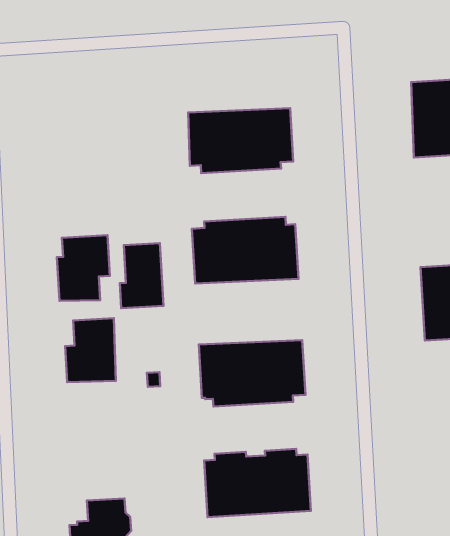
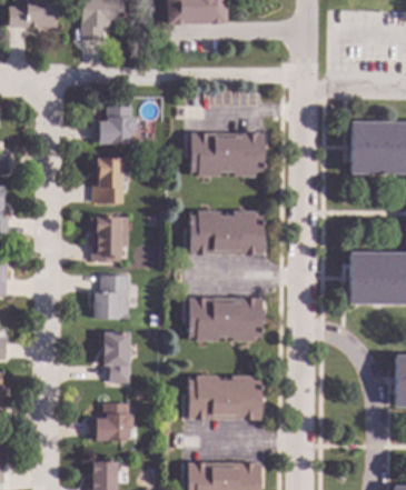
building: none -> [92,106,137,143]
building: [120,243,163,308] -> [92,158,122,202]
building: none -> [103,331,131,382]

